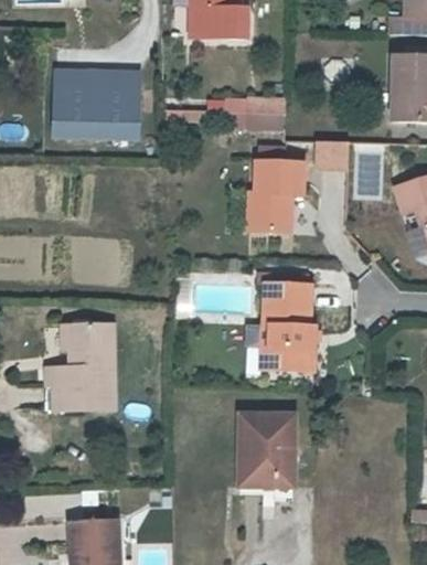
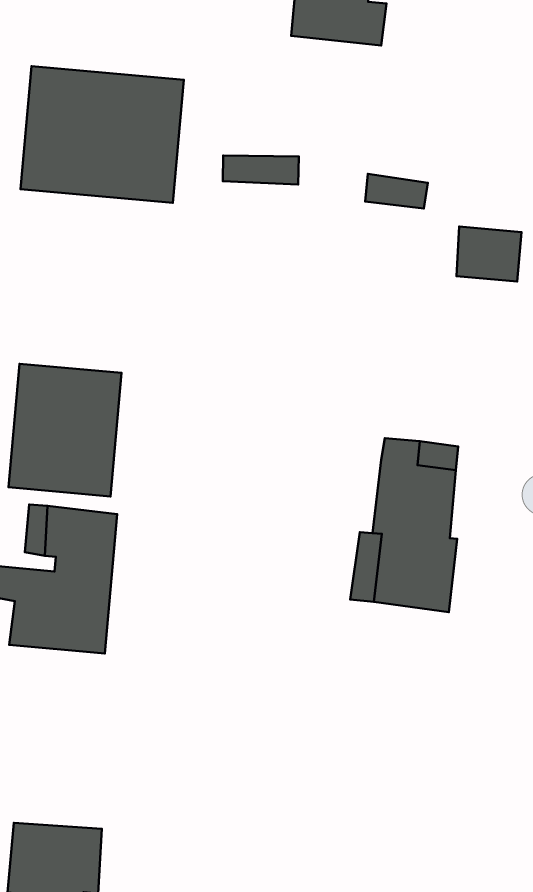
building: [245,166,302,236] -> none
building: none -> [8,364,122,496]
building: [243,415,295,488] -> none

